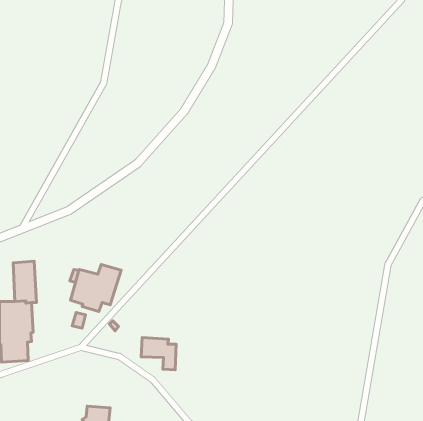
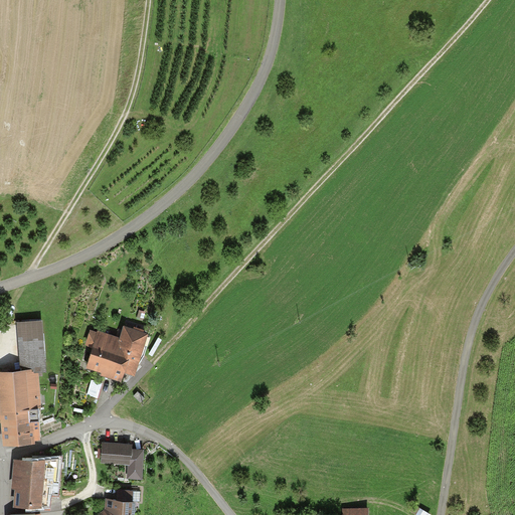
building: [141,338,176,370] -> [100,441,142,480]
building: none -> [11,461,58,507]

